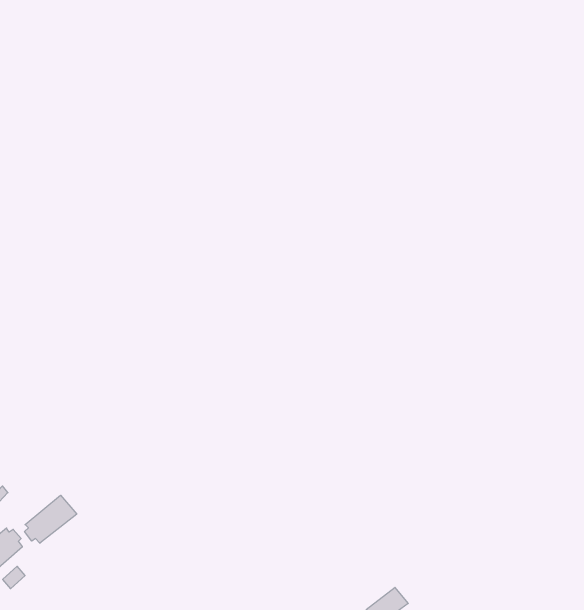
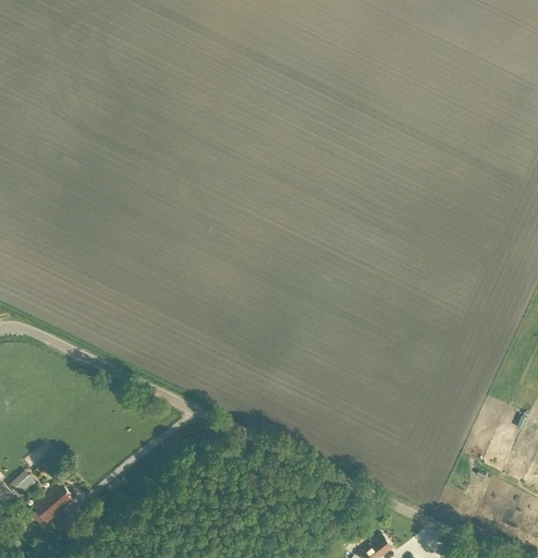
building: [25,495,77,543] -> none

